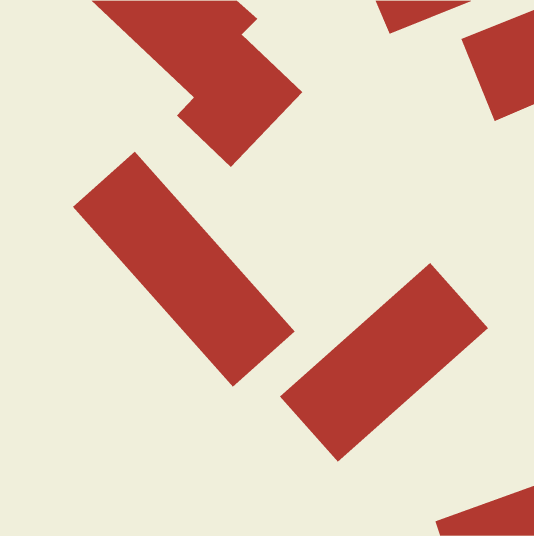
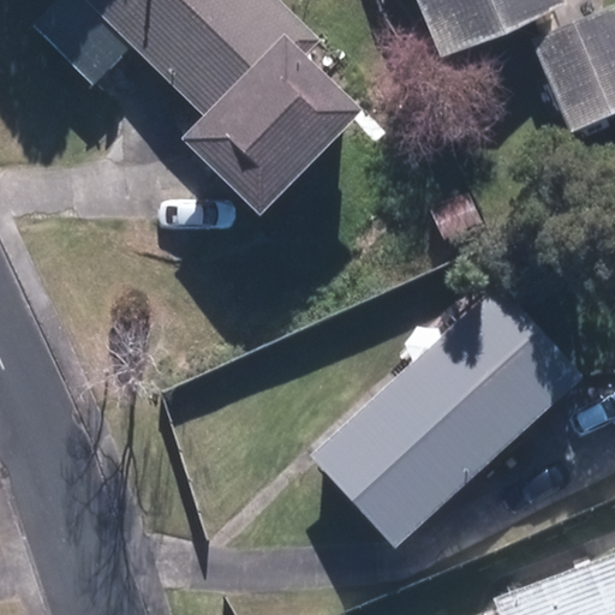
building: [72,151,296,388] -> none

